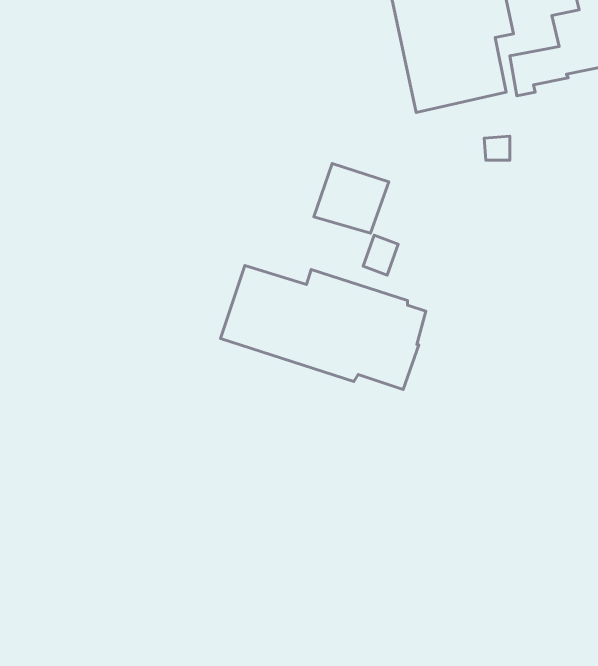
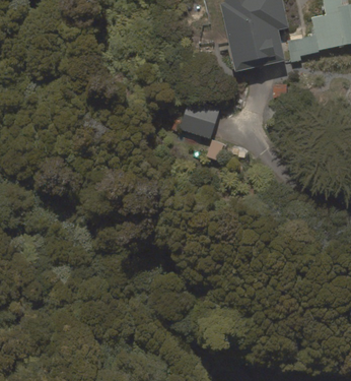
building: [220,265,426,389] -> none

